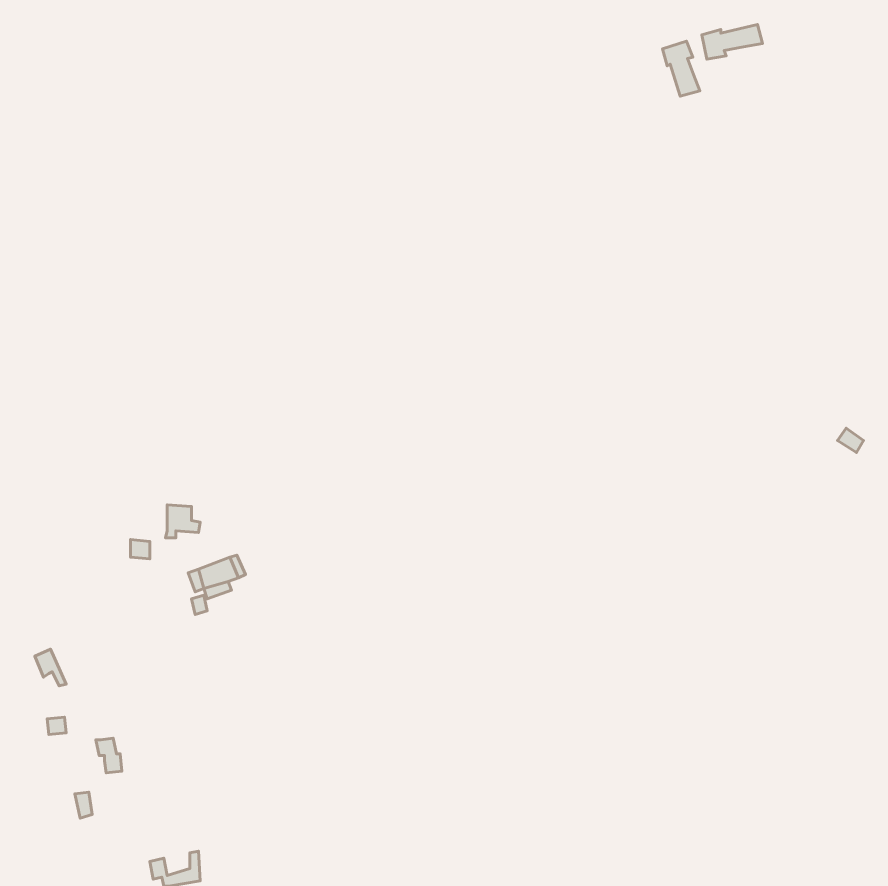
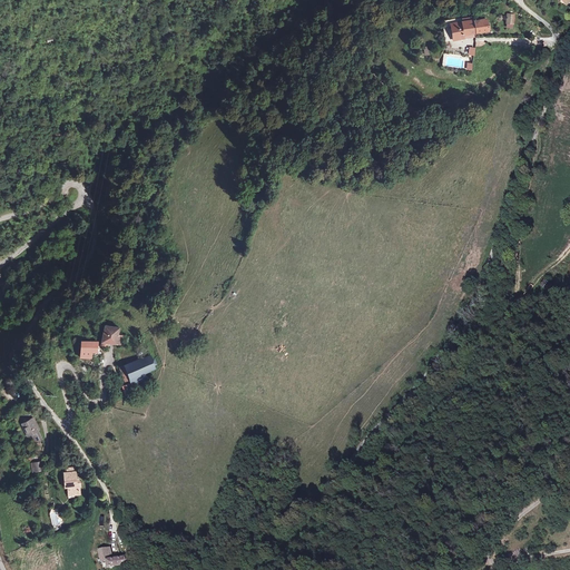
building: [663,41,700,96] -> none

